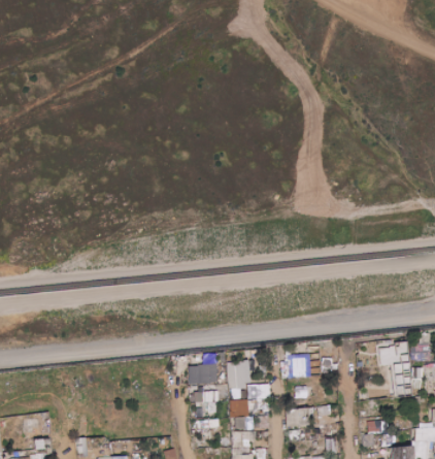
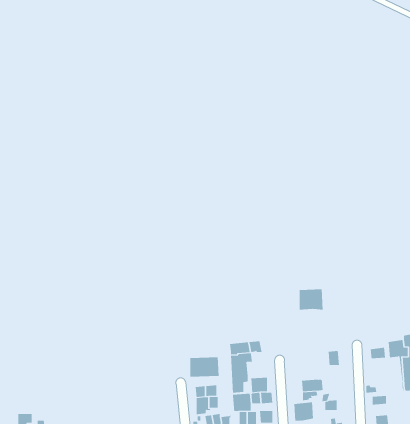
building: [287,354,310,374] -> [299,289,324,310]

